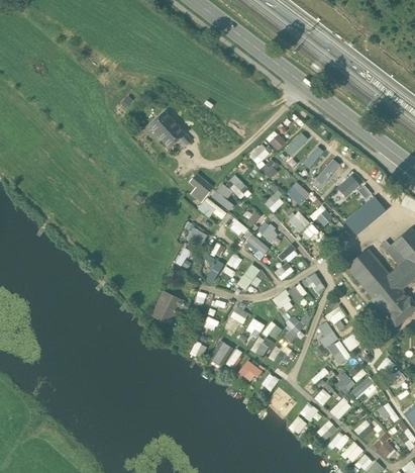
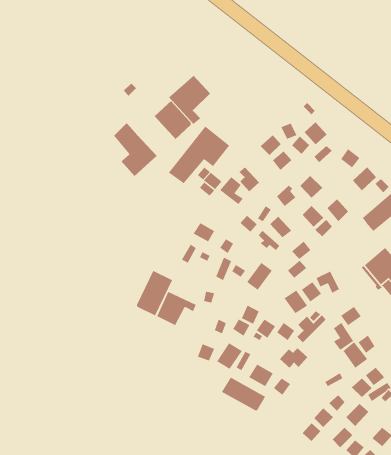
building: none -> [168,75,211,125]
building: none -> [113,122,157,177]
building: none -> [168,126,230,184]
building: none -> [136,270,173,317]
building: none -> [221,376,266,411]

